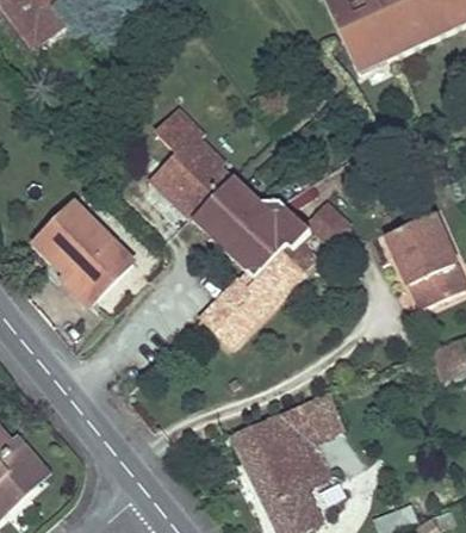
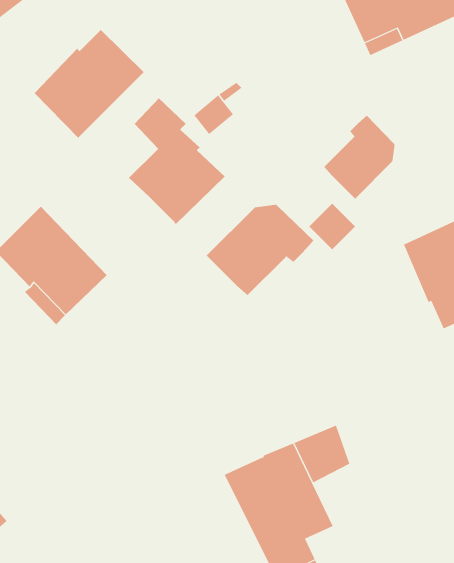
building: none -> [34,29,144,138]
building: none -> [323,115,395,200]
building: [191,178,259,246] -> none
building: [199,243,315,346] -> none

